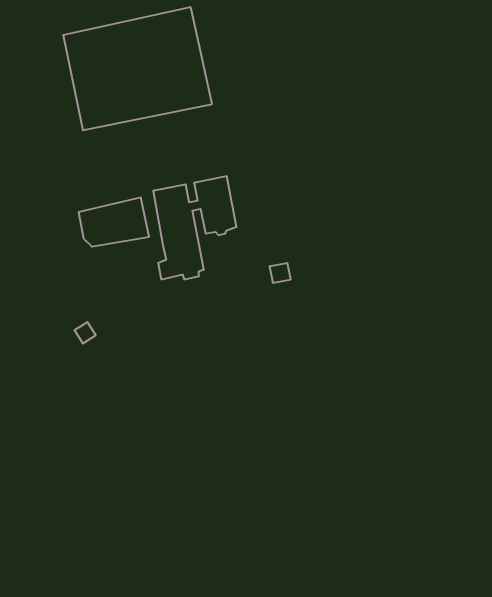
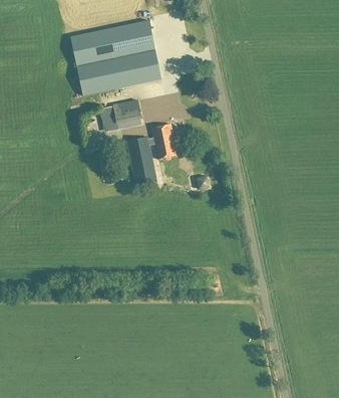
building: [79,197,149,247] -> [99,100,142,130]

